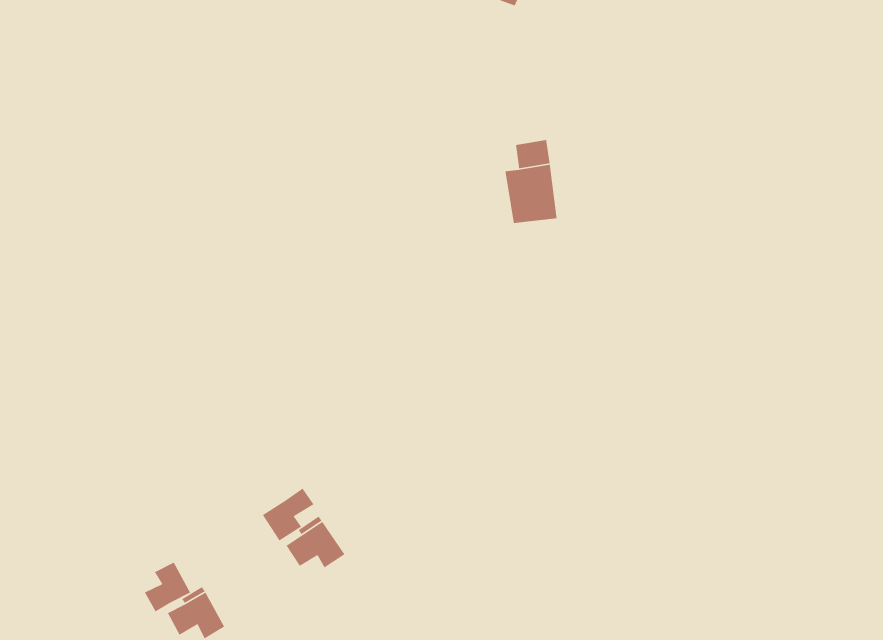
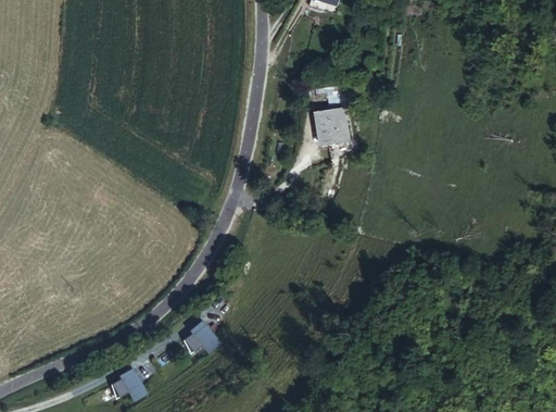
building: [262,487,314,541] -> none
building: [144,561,191,613] -> none

